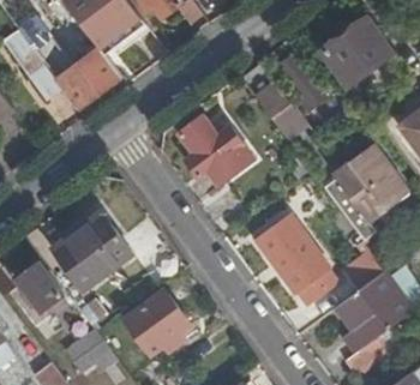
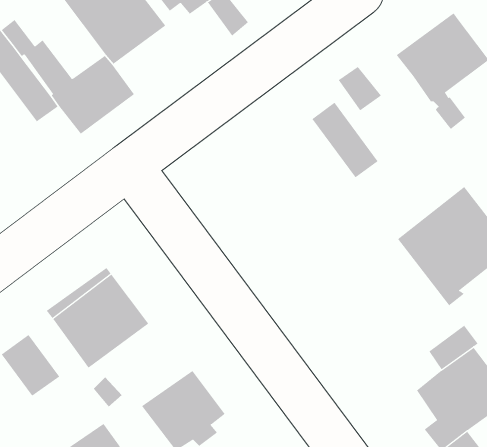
building: [178,115,253,185] -> none
building: [254,211,328,305] -> none

